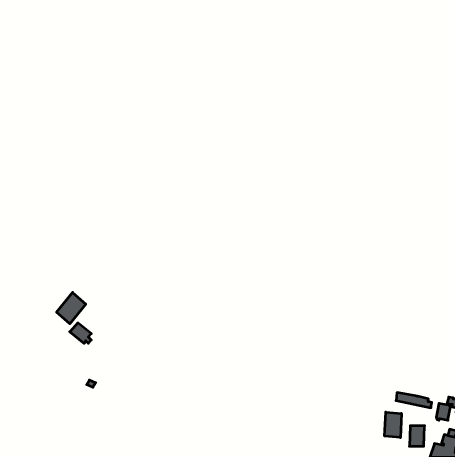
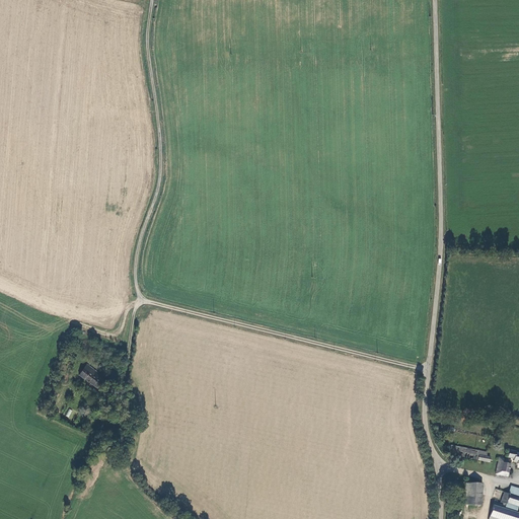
building: [57,292,86,324] -> none
building: [385,412,401,438] -> none

